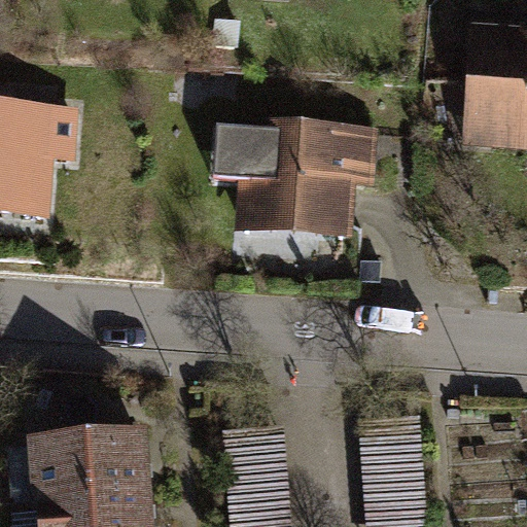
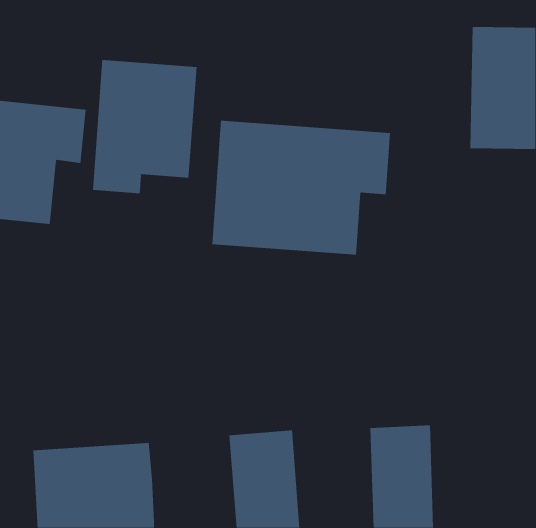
building: none -> [93,59,197,194]

